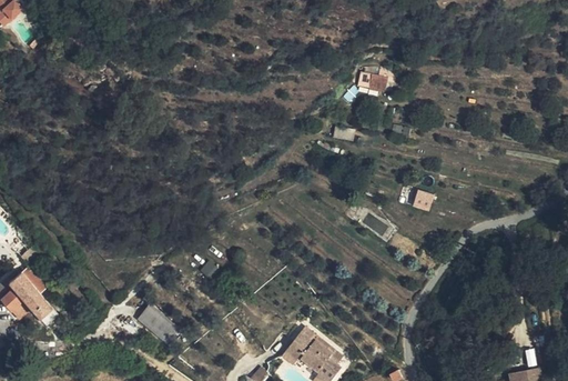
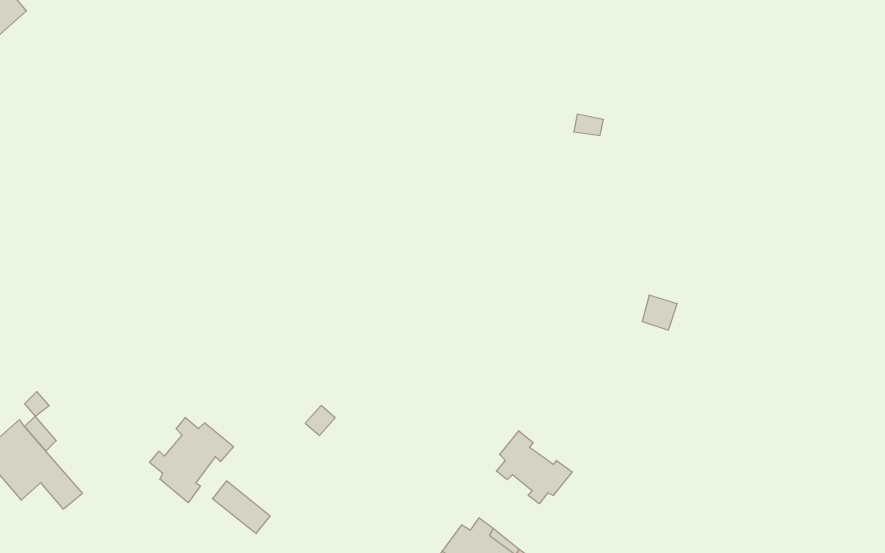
building: none -> [150,417,233,503]
building: none -> [496,431,572,504]

